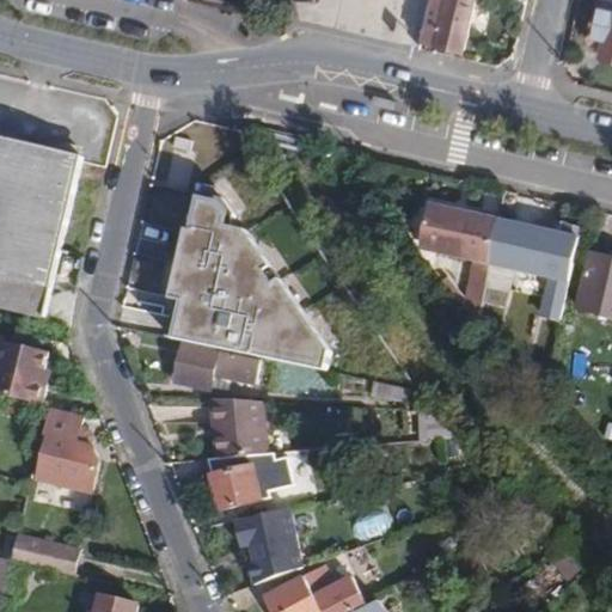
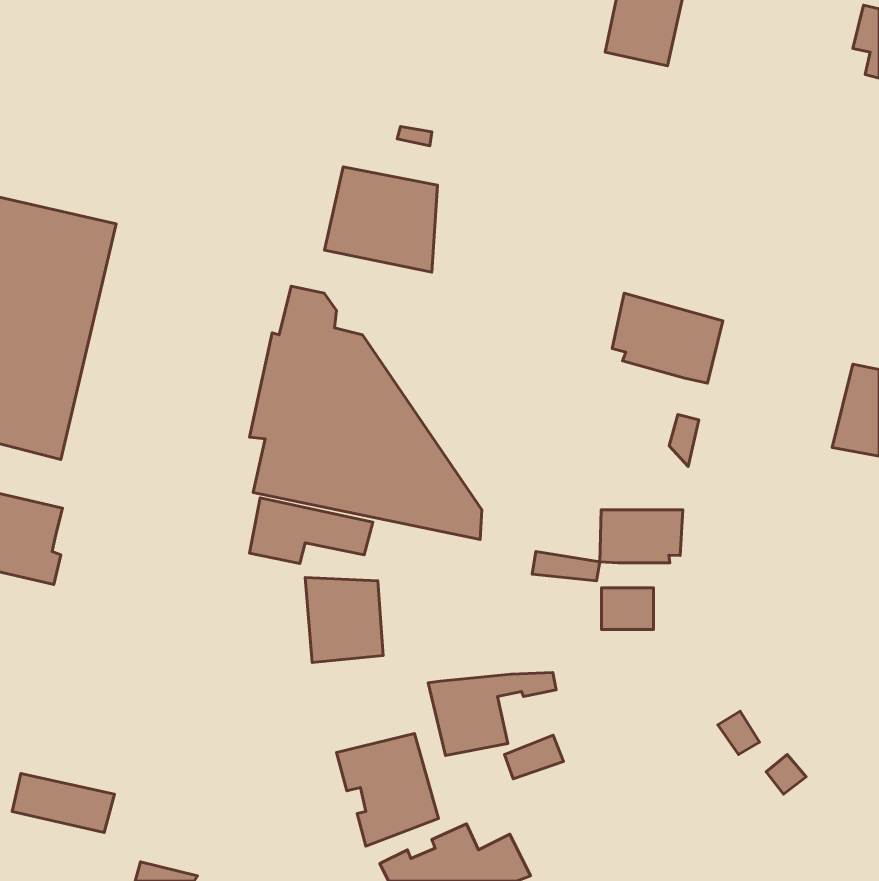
building: none -> [324,167,437,272]
building: [488,216,581,319] -> none
building: none -> [600,510,683,563]
building: [33,405,96,490] -> none
building: [207,451,295,508] -> [428,672,556,756]

